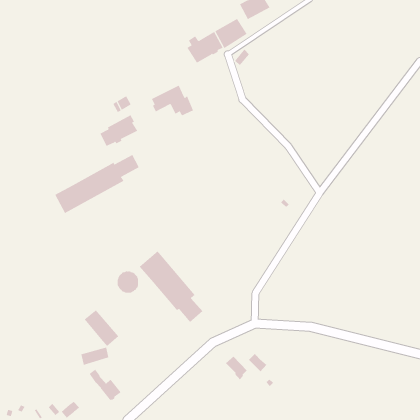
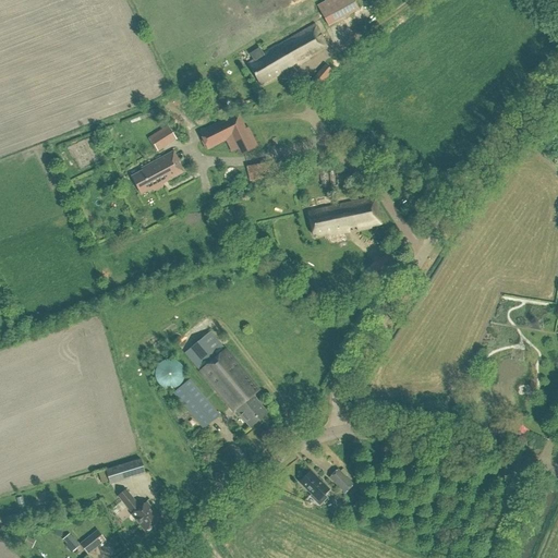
building: none -> [307,199,380,235]
building: [55,154,140,214] -> none
building: [84,310,119,347] -> [173,379,220,428]

